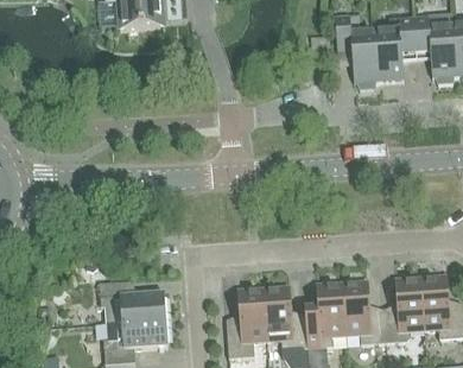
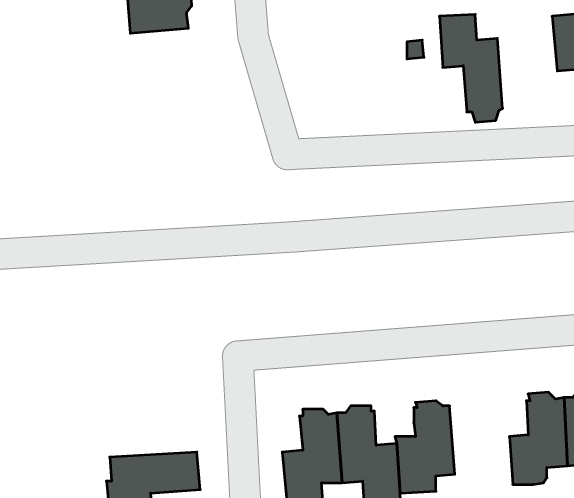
building: [375,15,417,80] -> none
building: [100,280,166,322] -> none
building: [342,280,386,343] -> none

